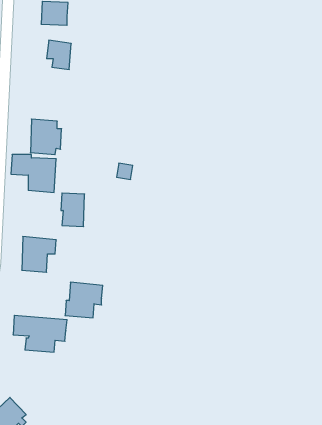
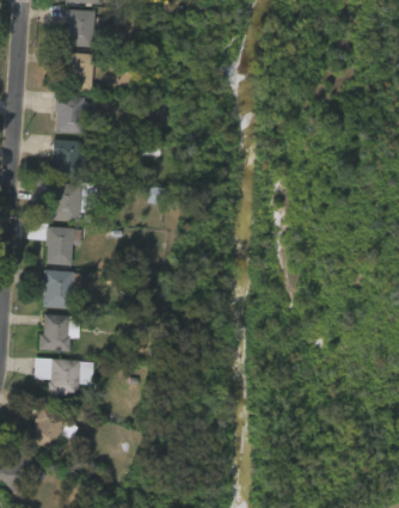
building: none -> [55,94,88,135]
building: [61,193,85,227] -> [47,226,73,263]
building: [65,282,103,318] -> [38,313,80,353]
building: none -> [32,408,78,452]

